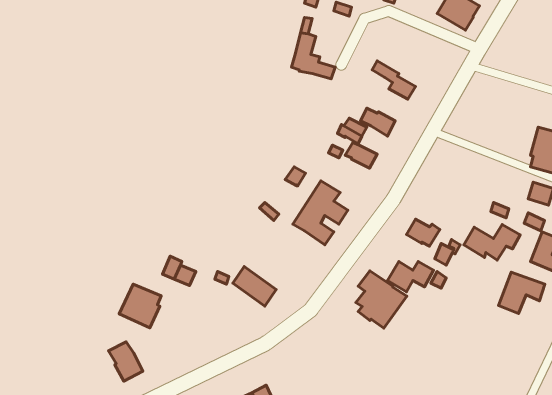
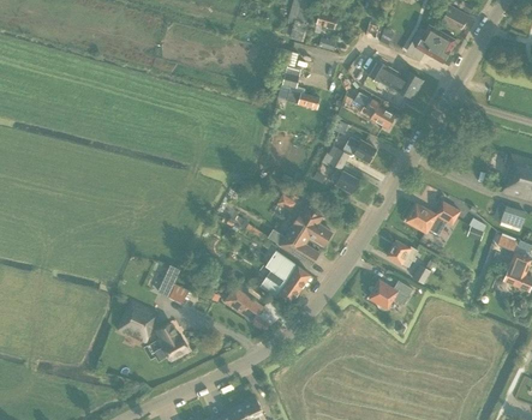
building: none -> [369,60,423,100]
building: [464,224,520,260] -> [407,202,460,235]
building: [356,271,407,328] -> [263,251,311,305]
building: [498,272,545,313] -> none
building: [108,342,143,381] -> [156,323,189,360]

